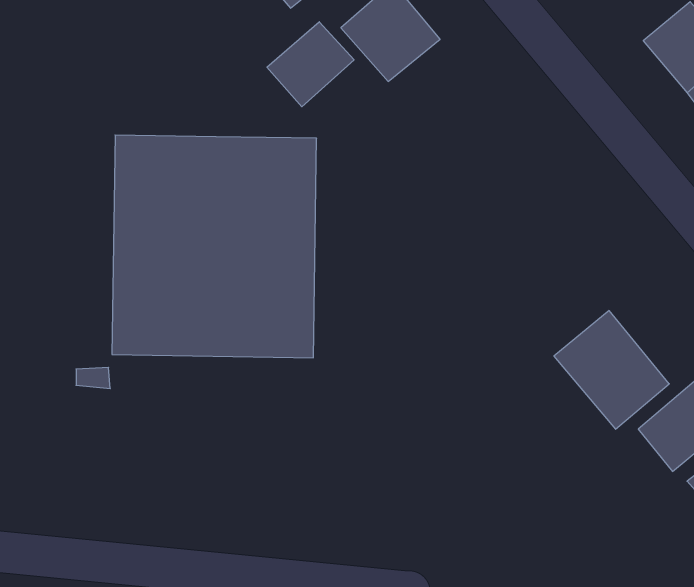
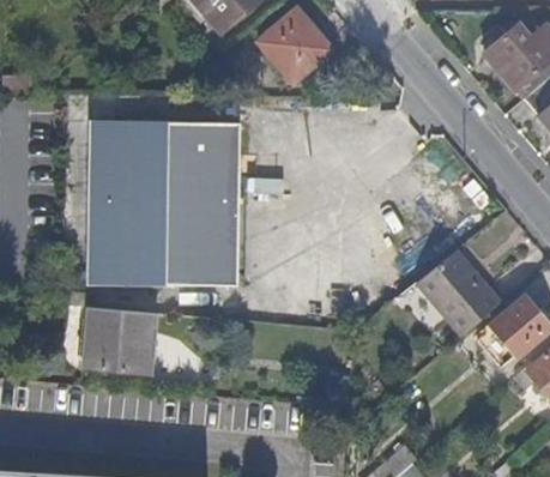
building: [267,22,354,107] -> none
building: none -> [87,309,157,375]

